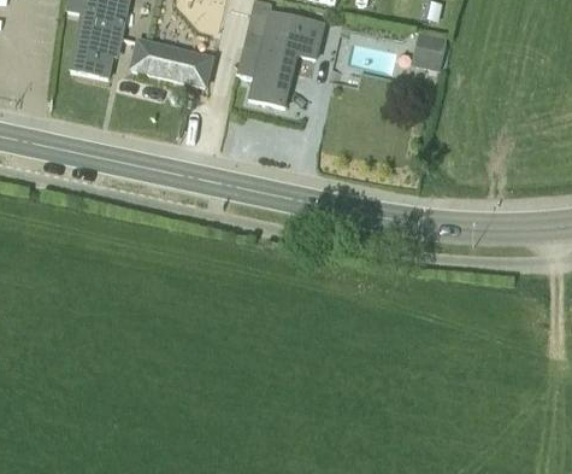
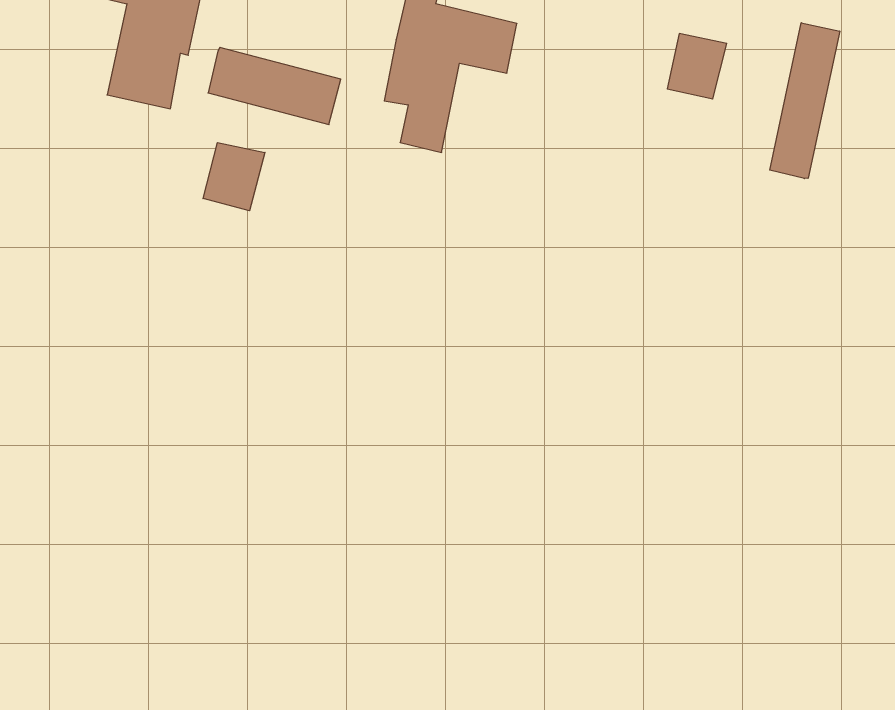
building: none -> [770,23,840,179]
building: none -> [203,143,265,211]

